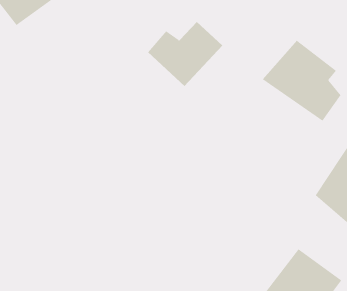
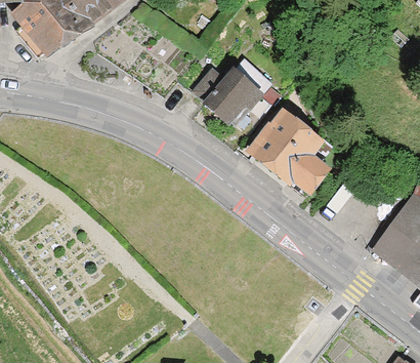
building: [262,40,341,121] -> [245,109,332,198]

